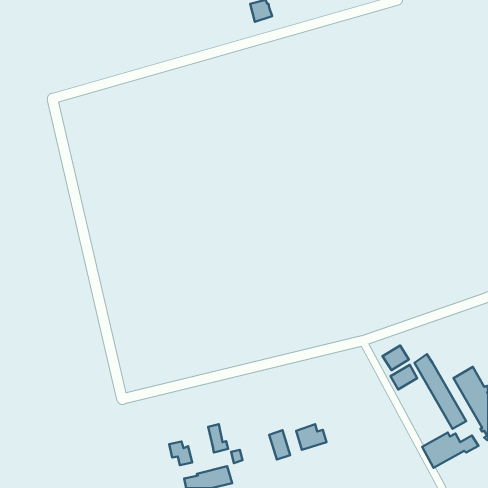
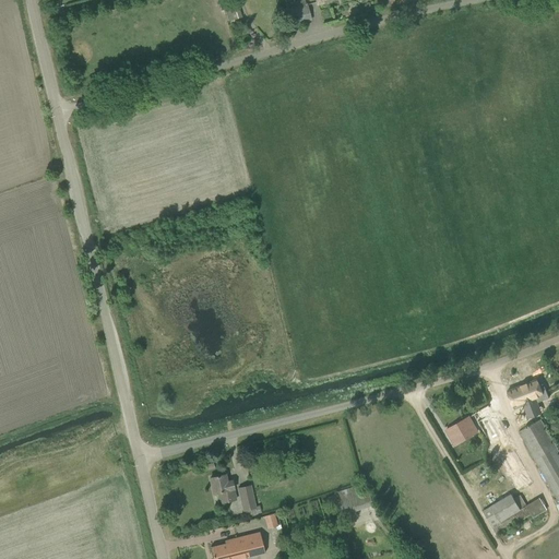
building: none -> [508,379,543,409]
building: [383,346,409,370] -> none
building: [269,430,290,460] -> none
building: [169,441,192,465] -> [211,475,237,502]

